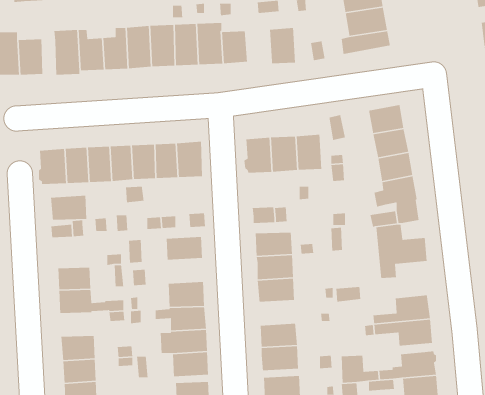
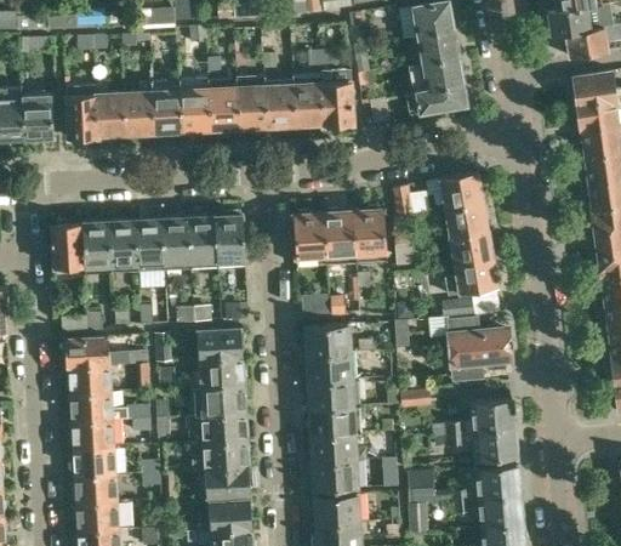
building: none -> [294,85,324,124]
building: [50,195,87,221] -> [65,337,109,368]
building: none -> [200,357,244,386]
building: none -> [309,406,353,436]
building: none -> [70,421,114,449]

